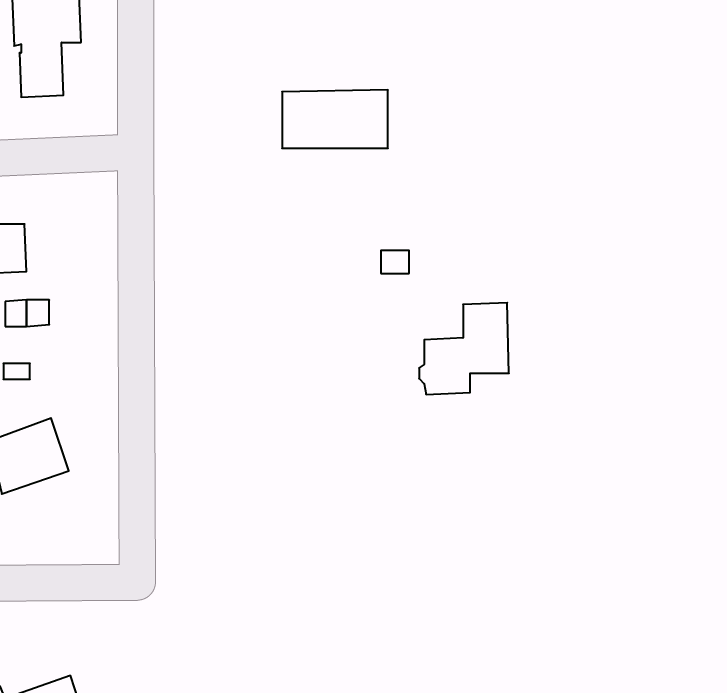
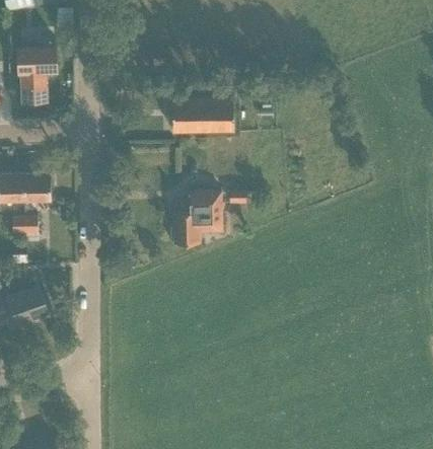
building: none -> [23,174,51,203]
building: [419,303,509,394] -> [170,192,222,244]

